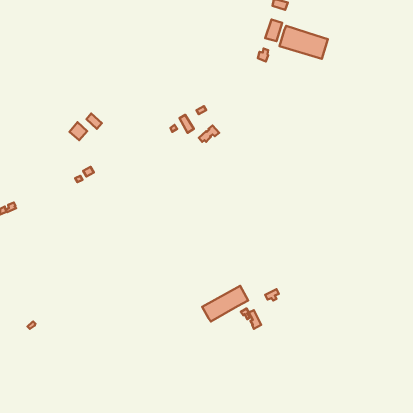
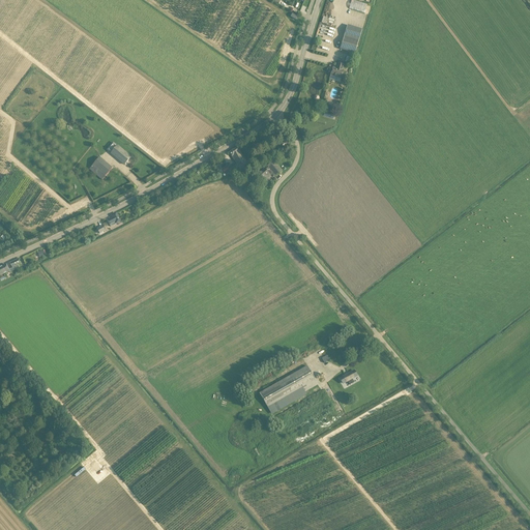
building: [279,26,328,59] -> none

